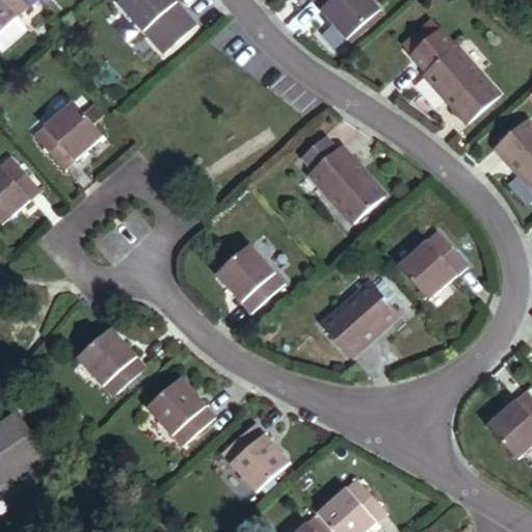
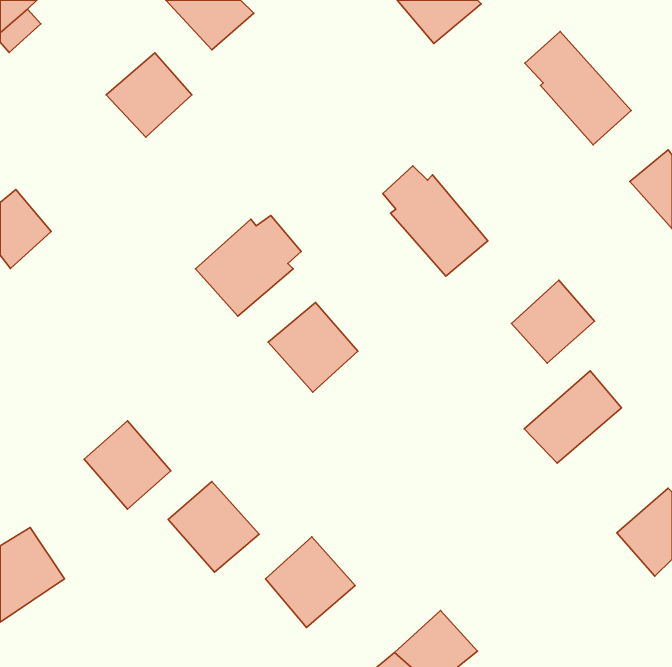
building: [39,94,107,160] -> [106,53,192,137]
building: none -> [196,216,301,316]
building: [326,282,403,354] -> [524,371,622,463]

